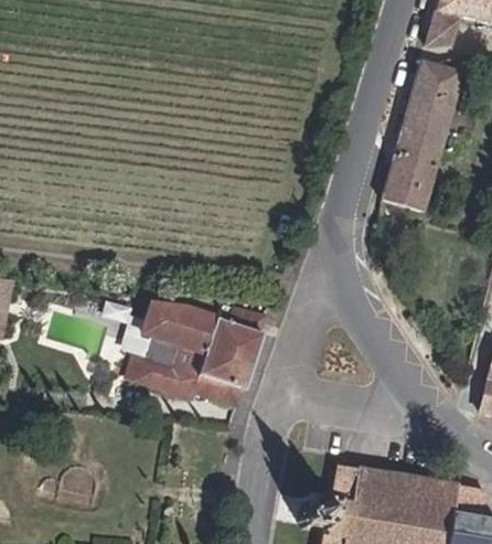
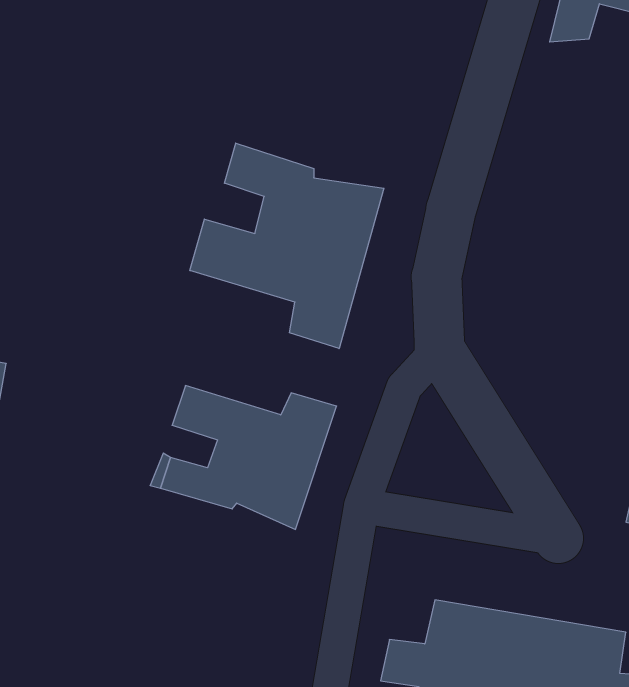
building: [381,60,468,211] -> none
building: none -> [190,143,384,349]

